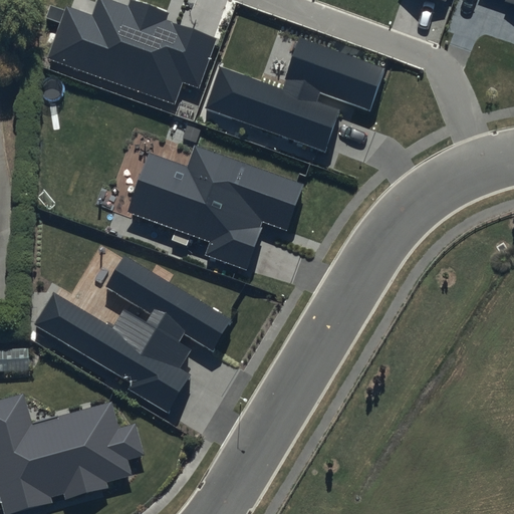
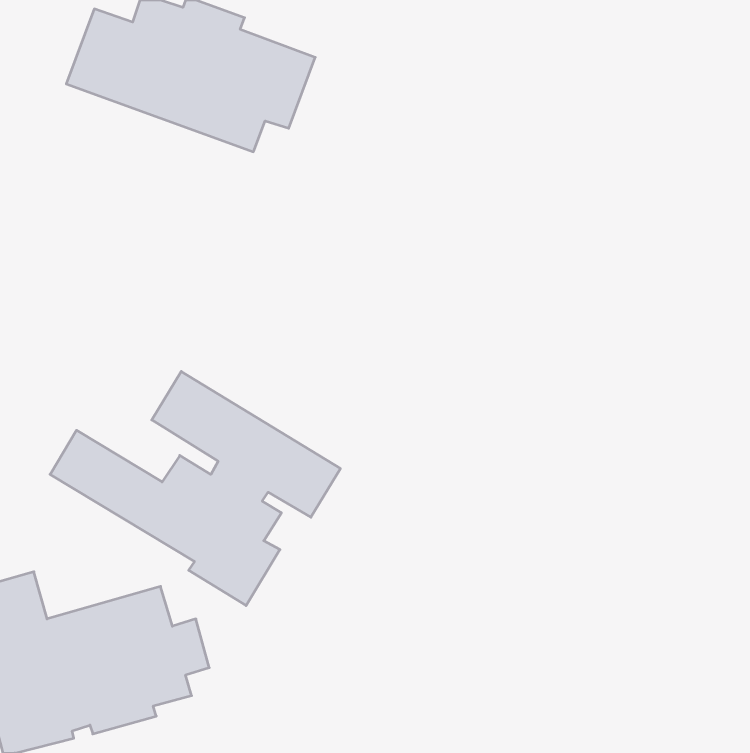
building: [205,38,383,151] -> none
building: [126,145,303,269] -> none

